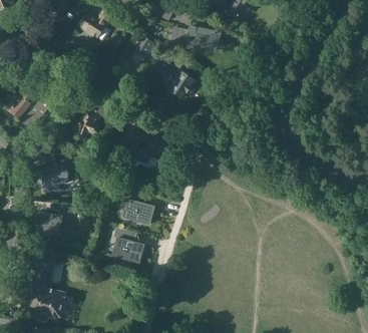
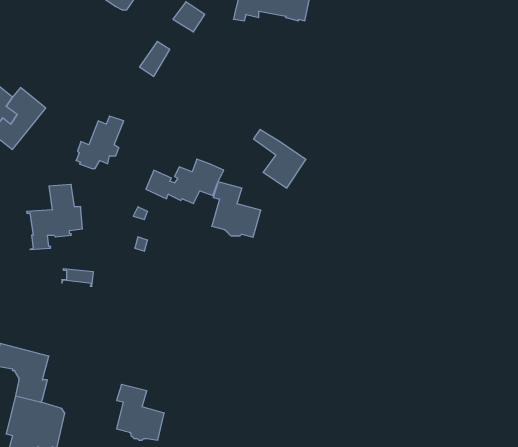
building: [161,61,195,98] -> [254,129,306,188]
building: [122,189,153,224] -> [212,182,261,237]
building: [36,212,62,235] -> none
building: [112,227,142,262] -> [117,384,164,440]

